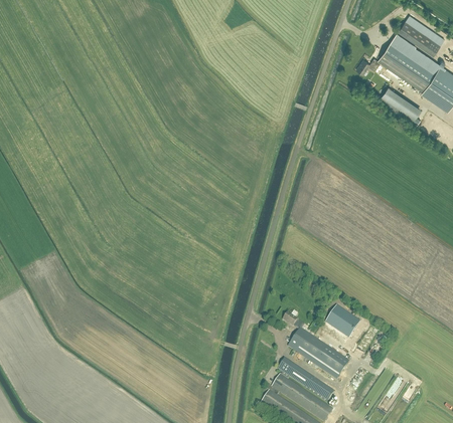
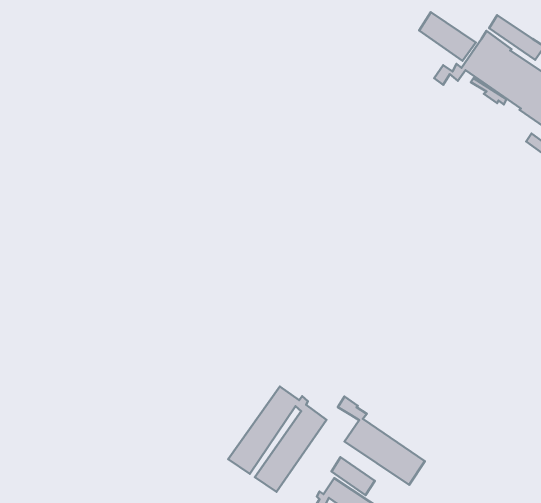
building: [379,84,422,122] -> [419,12,476,61]
building: none -> [228,387,326,492]
building: [332,305,366,337] -> none

